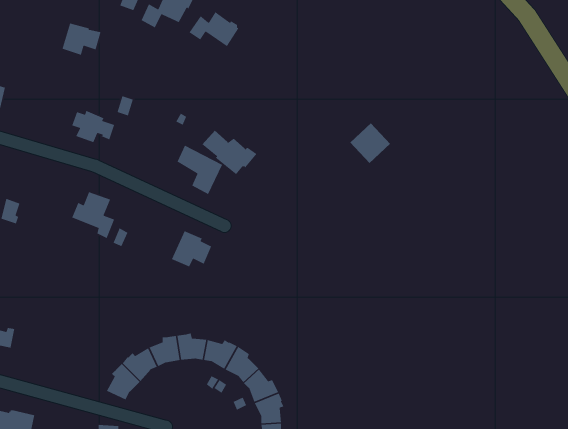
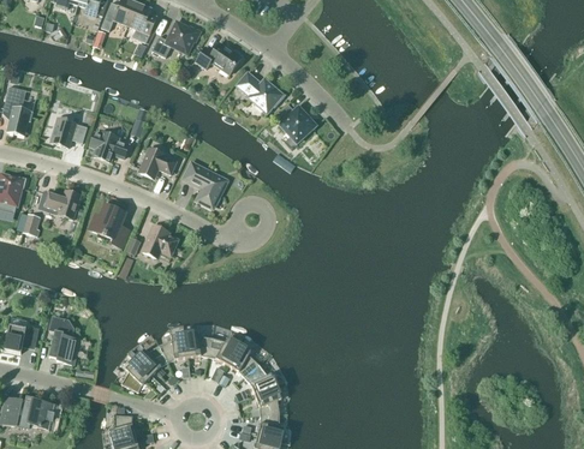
building: [62,23,101,56] -> [50,116,87,146]
building: [350,122,391,164] -> [279,104,316,142]
building: none -> [139,146,177,175]
building: [202,130,258,175] -> [236,71,286,112]
building: none -> [38,190,82,217]
building: [171,230,212,267] -> [141,223,178,257]
building: none -> [48,316,78,363]

